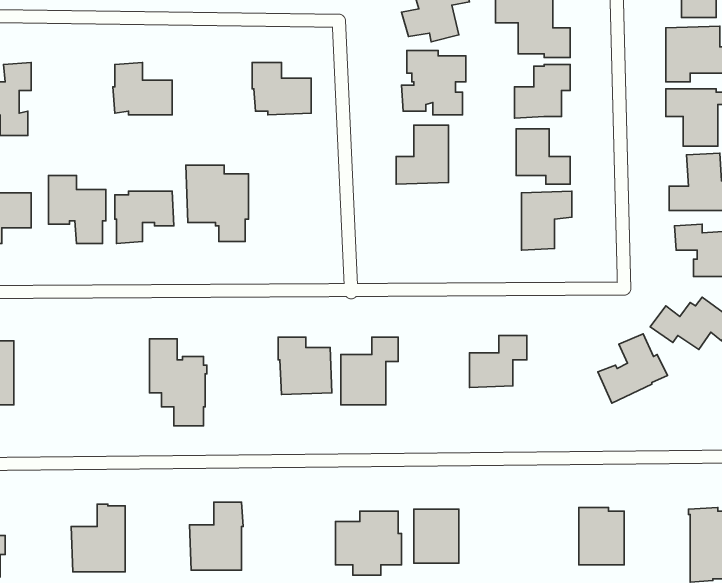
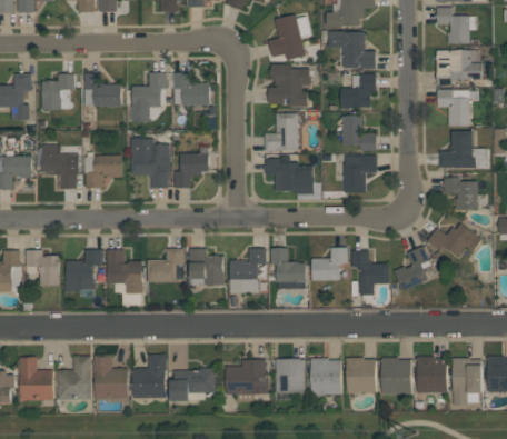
building: none -> [131,73,167,122]
building: none -> [41,74,74,110]
building: none -> [175,153,209,188]
building: none -> [265,157,314,194]
building: none -> [147,248,185,282]
building: none -> [271,249,306,289]
building: none -> [26,250,60,286]
building: none -> [66,250,102,292]
building: none -> [351,250,388,296]
building: none -> [93,356,128,399]
building: none -> [414,357,447,392]
building: none -> [19,358,53,400]
building: none -> [346,358,376,392]
building: none -> [310,359,340,395]
building: none -> [170,369,215,401]

